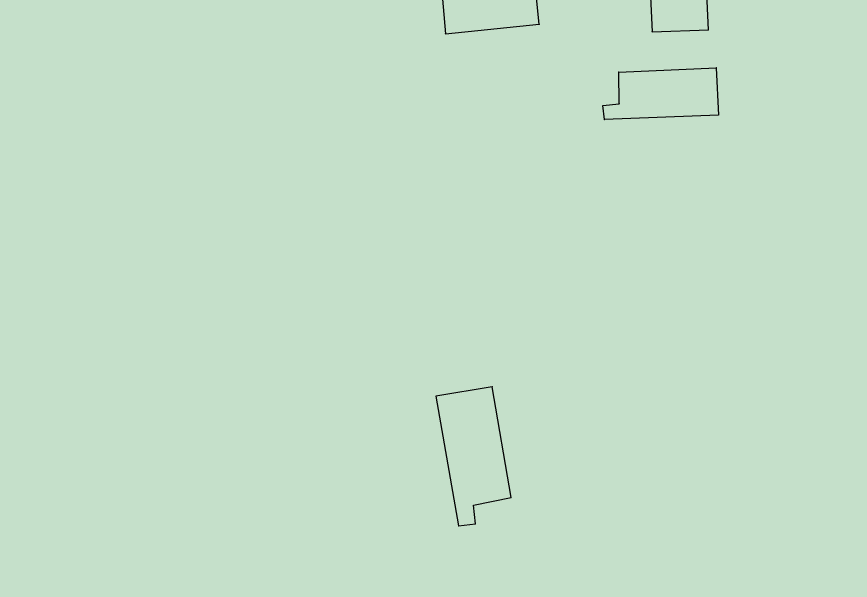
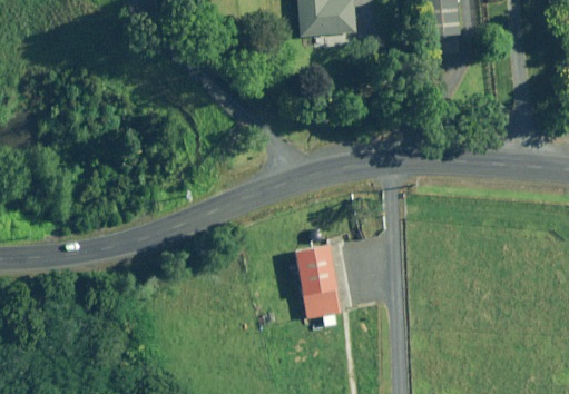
building: [603,68,718,120] -> none

